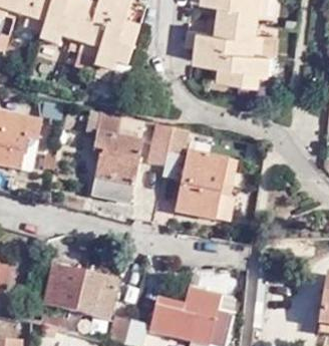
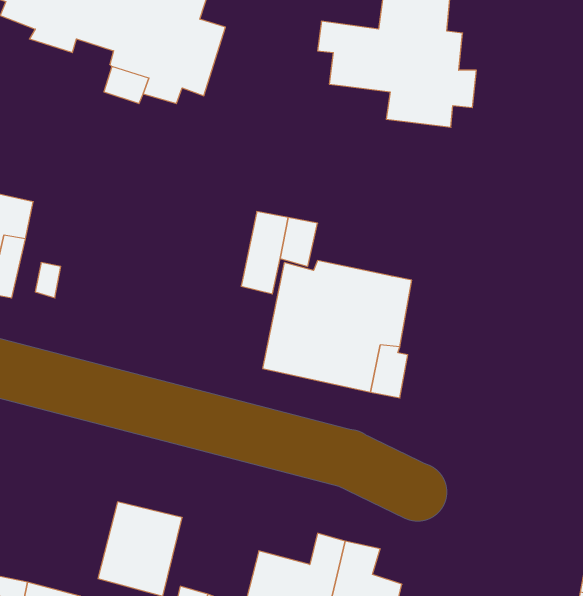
building: [90,112,141,205] -> none
building: [43,264,84,312] -> none

